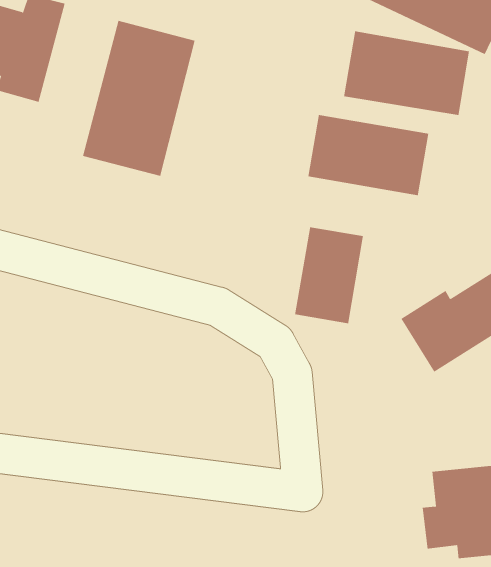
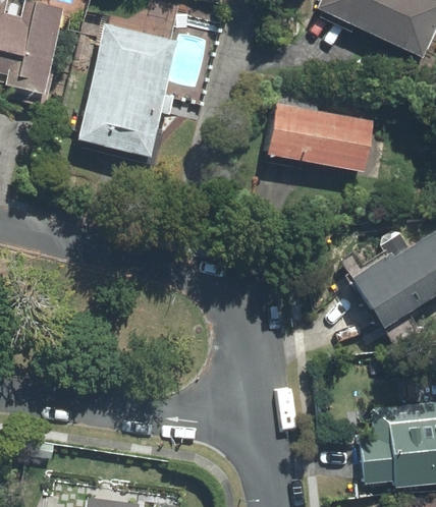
building: [343,31,470,116] -> none
building: [295,226,364,324] -> none

